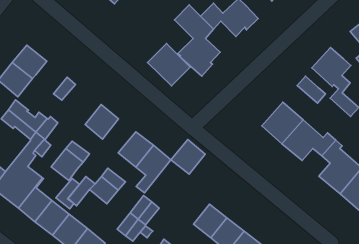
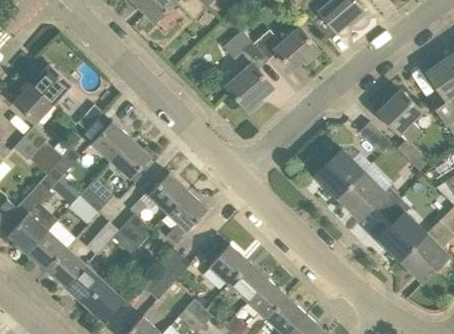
building: [148,44,190,86] -> none
building: none -> [92,121,131,161]
building: [171,140,205,174] -> [208,244,249,285]

